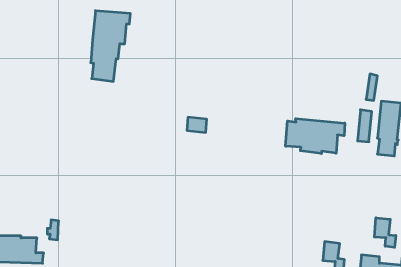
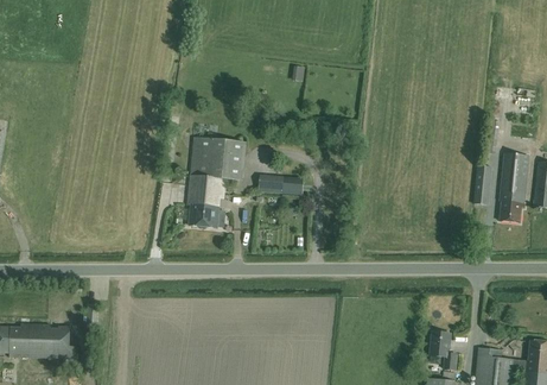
building: [91,11,130,81] -> [187,137,237,226]
building: [286,119,345,154] -> none
building: [374,218,396,247] -> none

